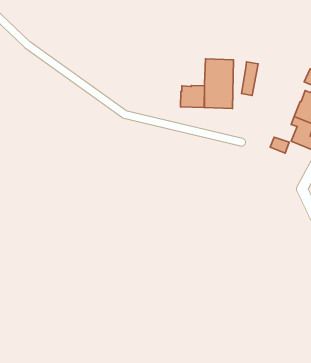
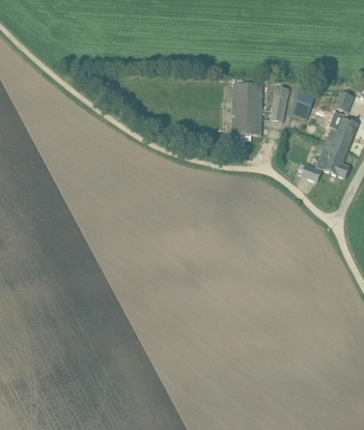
building: none -> [291,87,315,117]
building: [181,85,205,107] -> none

